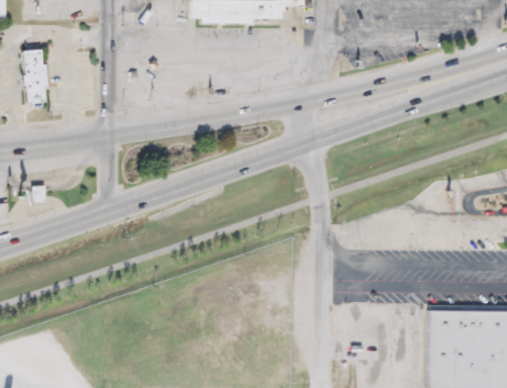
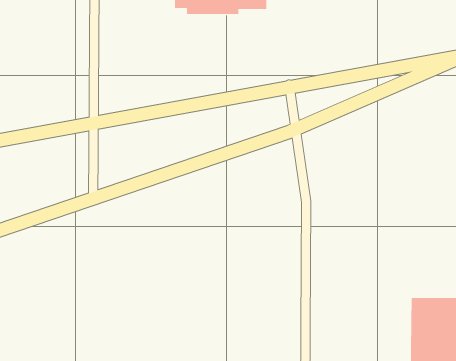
building: [22,48,45,106] -> none

